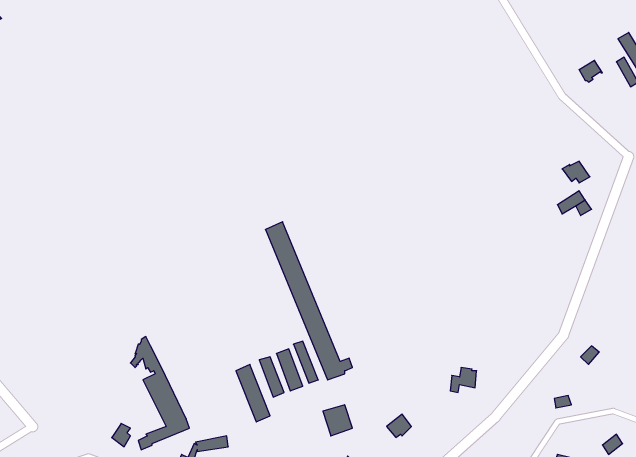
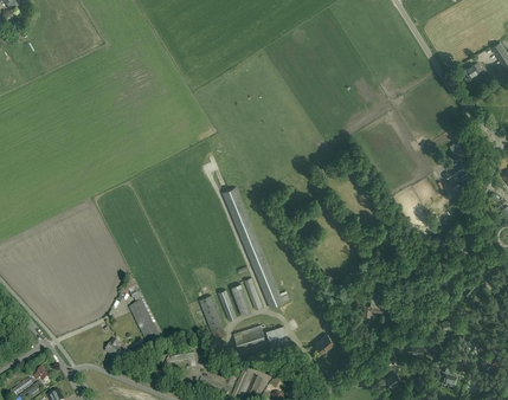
building: none -> [233,324,268,356]

